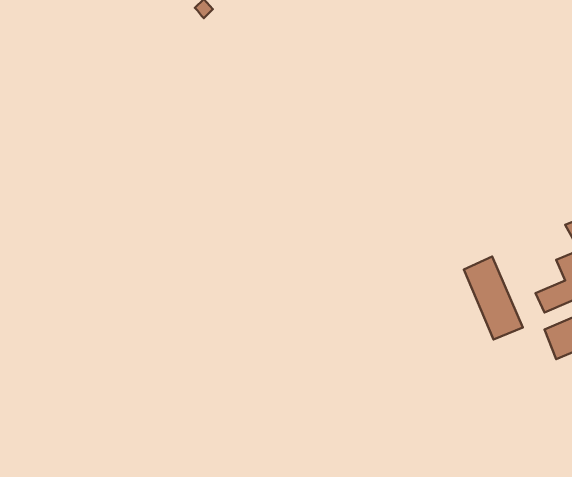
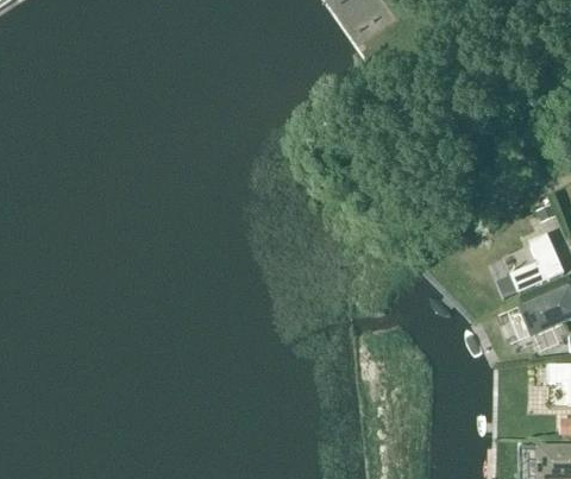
building: [464,256,523,339] -> none

